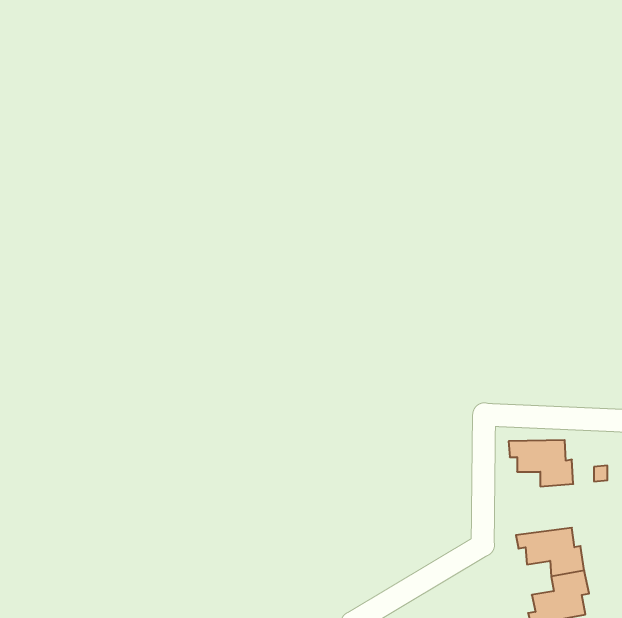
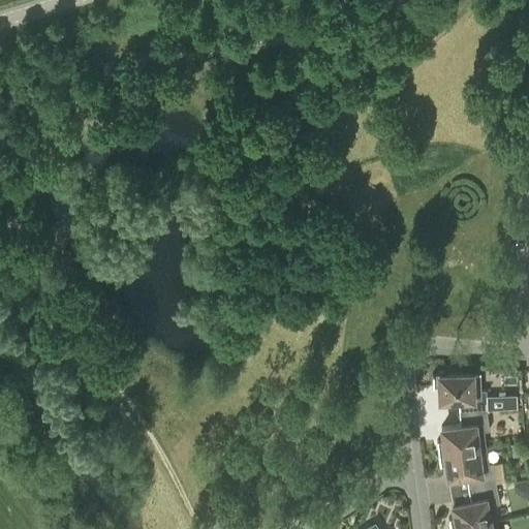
building: none -> [436,414,488,458]

